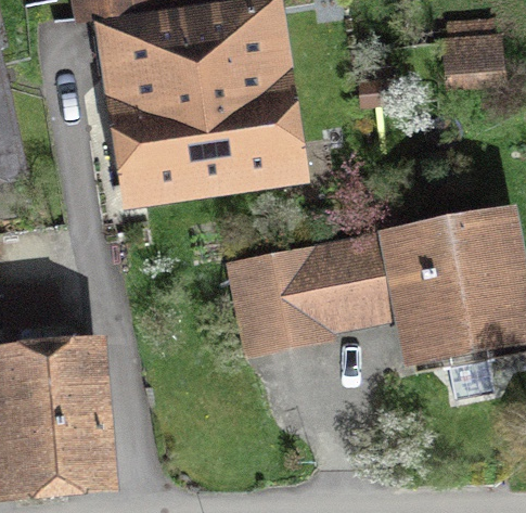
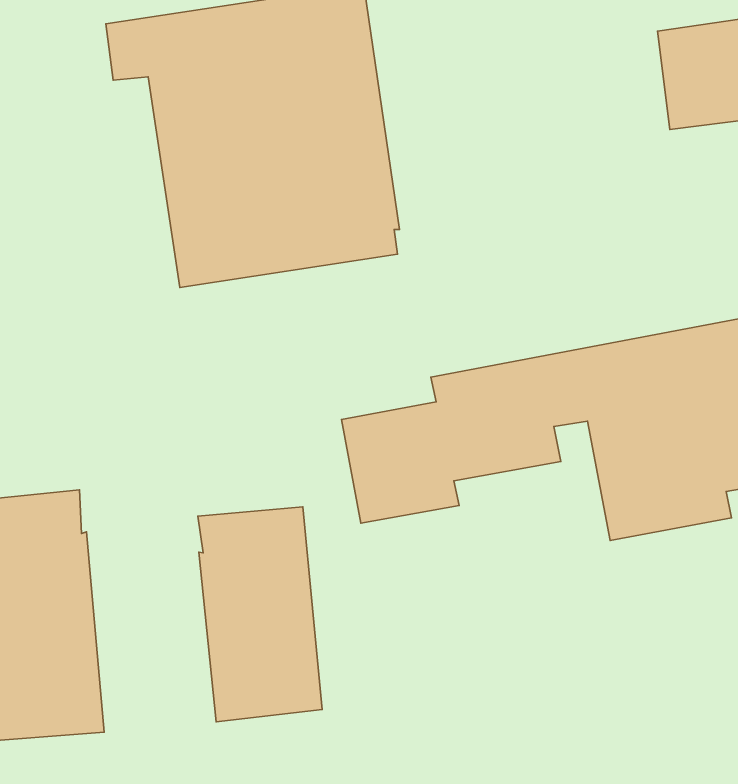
building: none -> [198,507,322,722]

